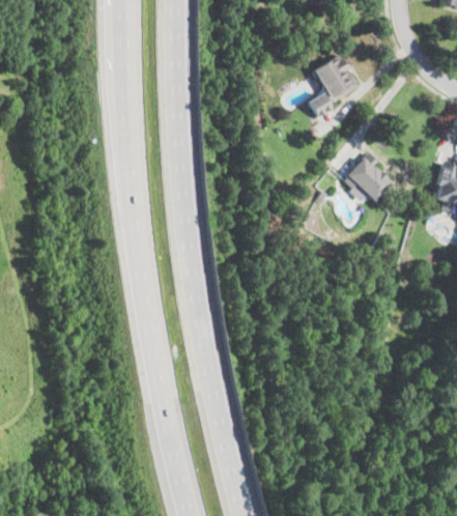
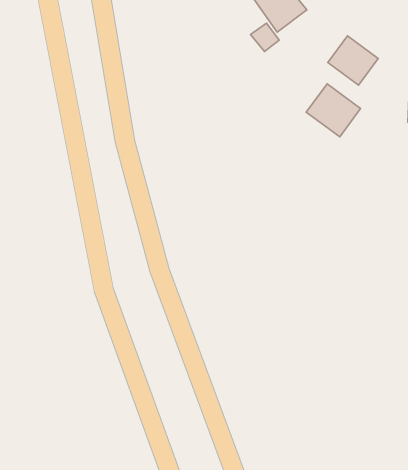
building: none -> [328,36,378,85]

